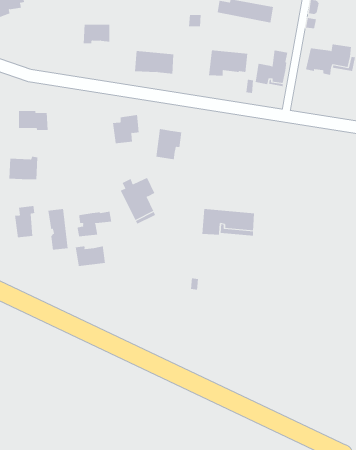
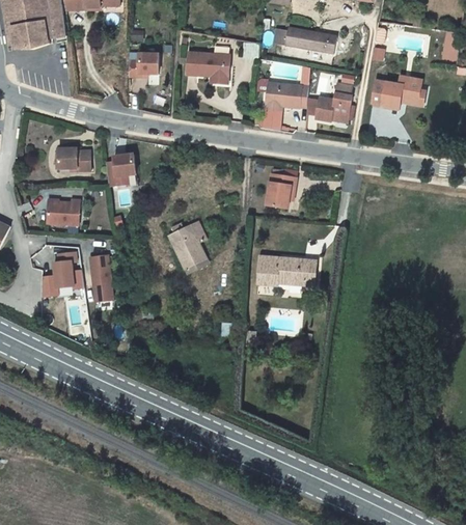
building: [134,50,174,74] -> [186,51,229,77]
building: [112,114,140,144] -> [105,154,135,186]
building: [156,128,182,160] -> [267,173,296,208]
building: [77,211,112,237] -> none
building: [75,245,105,267] -> none

